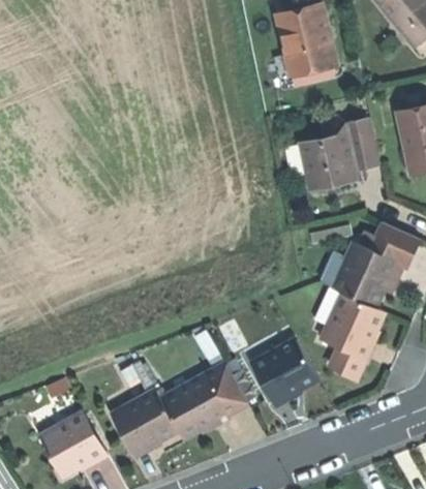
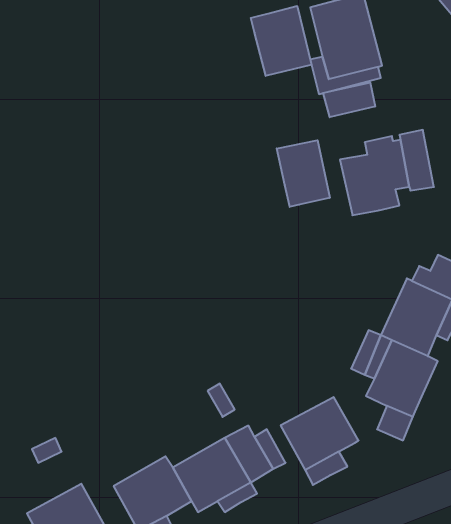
building: none -> [251,6,312,76]
building: none -> [323,83,375,117]
building: none -> [277,140,330,207]

